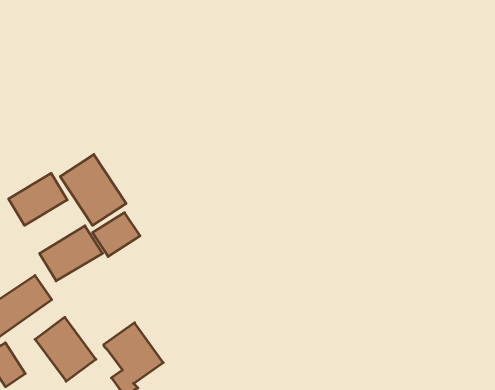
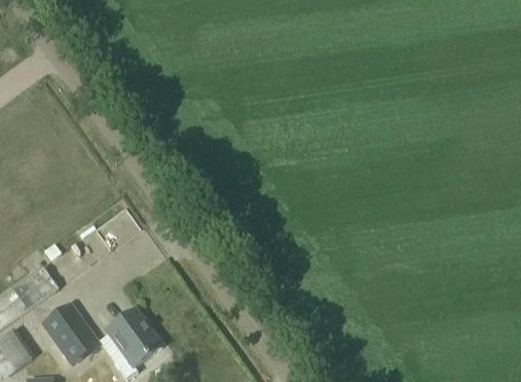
building: [60,154,126,225] -> none
building: [9,173,67,225] -> none

